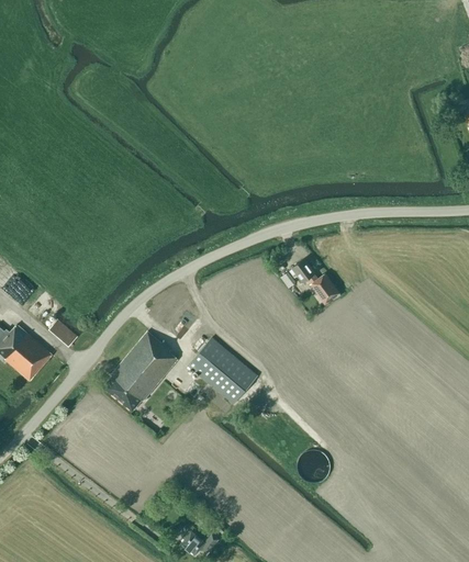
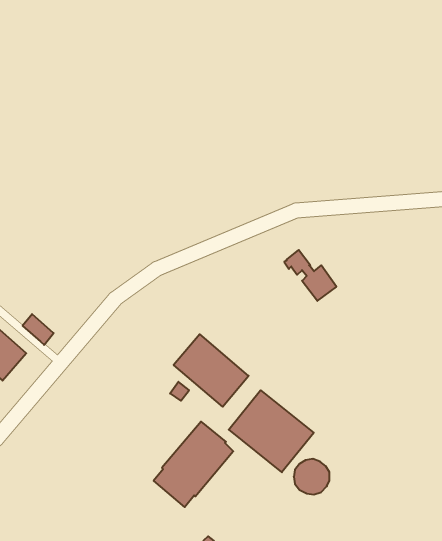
building: [103,331,177,411] -> [154,422,233,507]
building: none -> [229,390,314,472]

